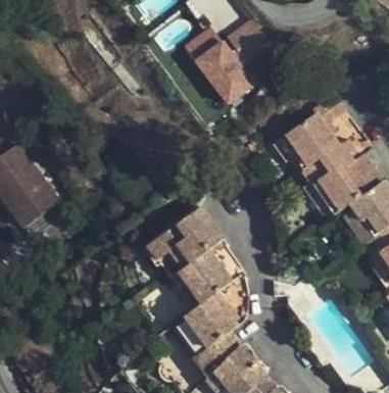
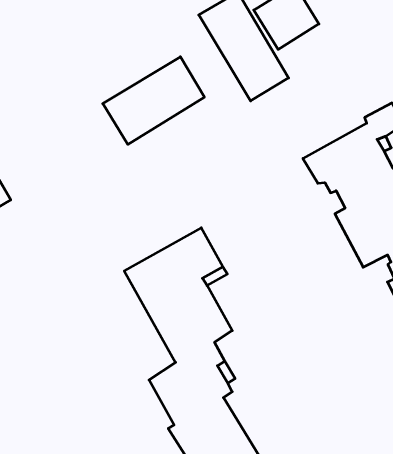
building: none -> [103,57,204,144]

